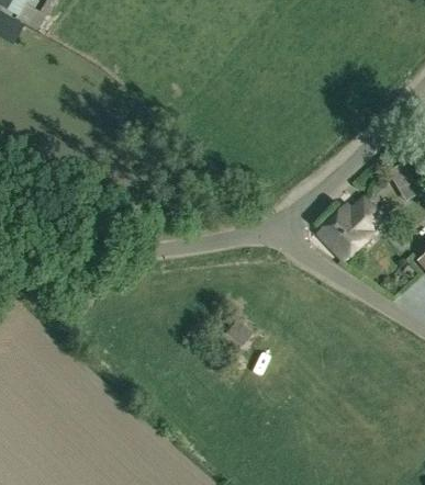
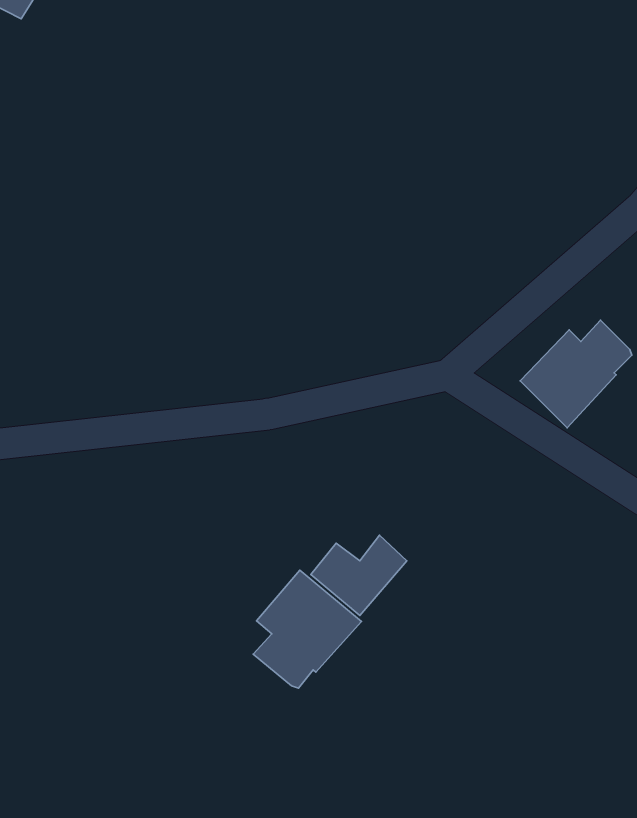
building: none -> [253,570,361,688]

